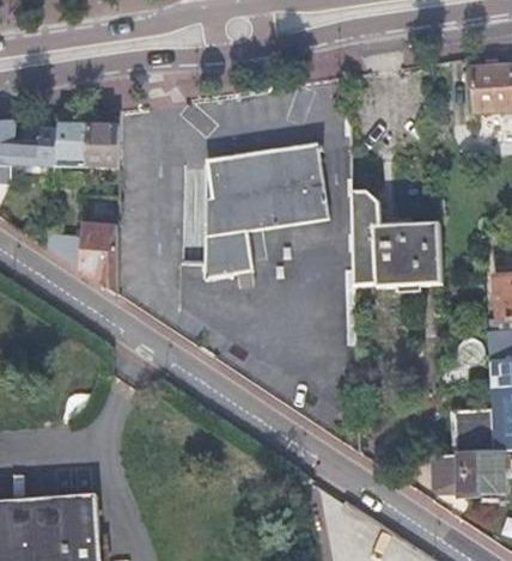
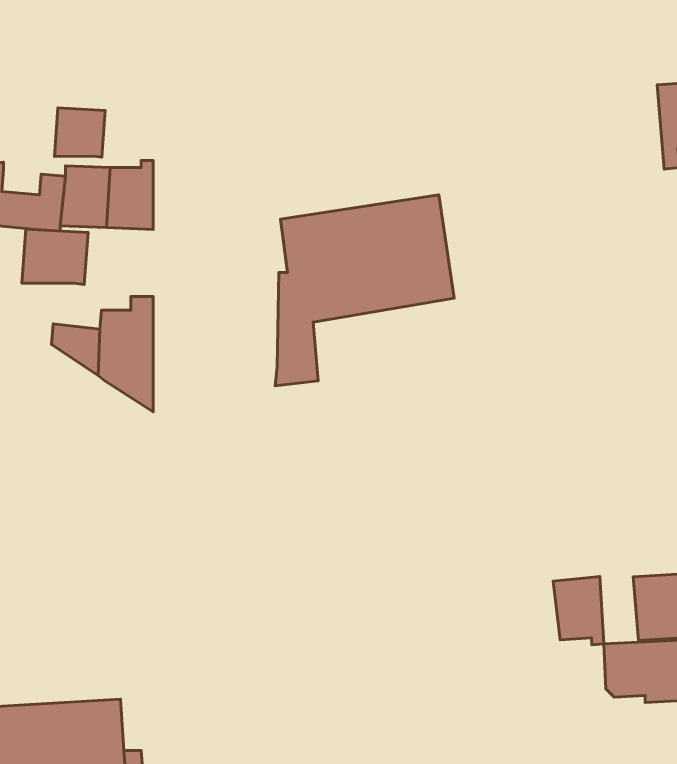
building: none -> [54,108,105,157]
building: none -> [22,229,88,285]
building: [351,188,440,283] -> none
building: none -> [553,577,604,645]

